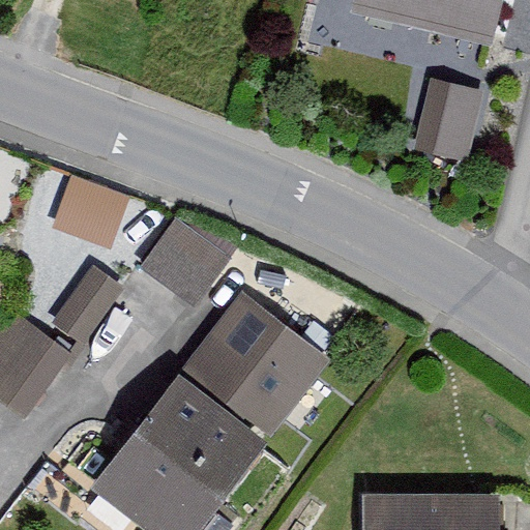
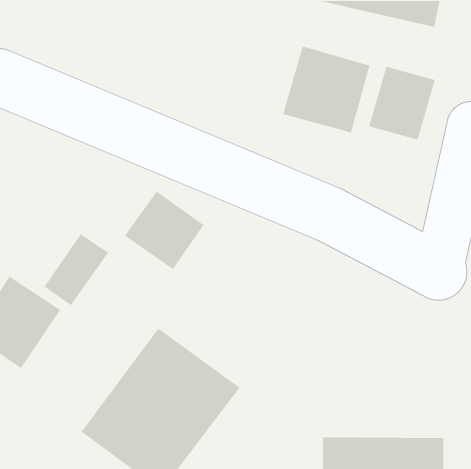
building: none -> [282,45,371,134]
building: [55,174,135,248] -> none
building: [184,293,329,434] -> none

